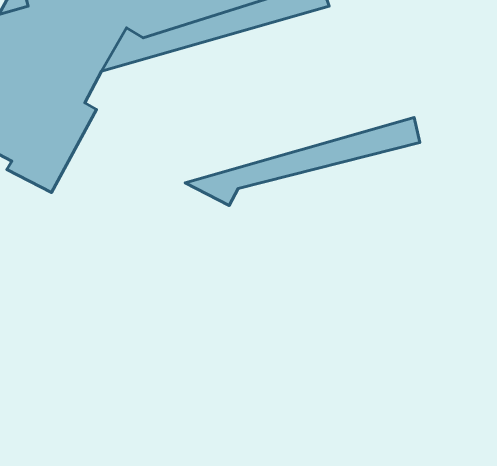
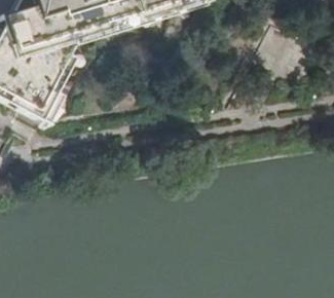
building: [185,118,420,205] -> none

